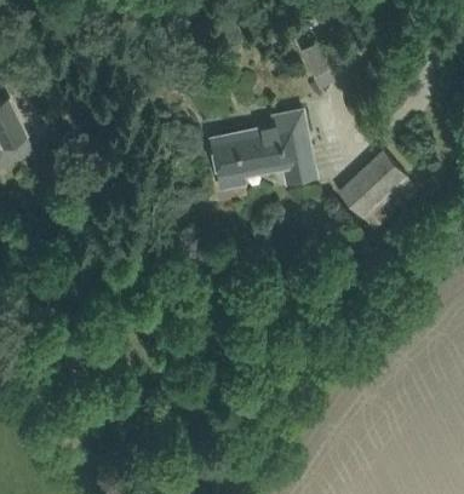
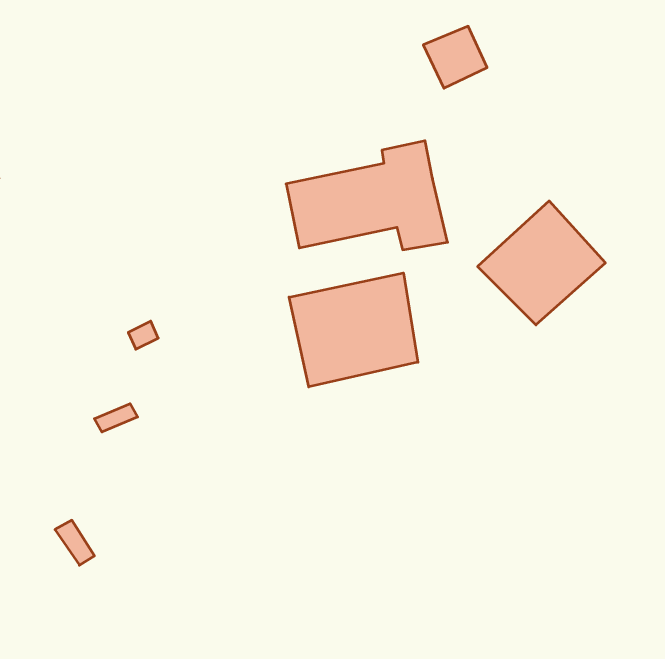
building: none -> [289,273,418,387]

